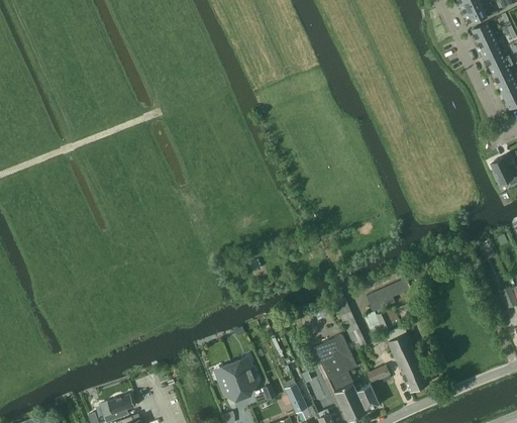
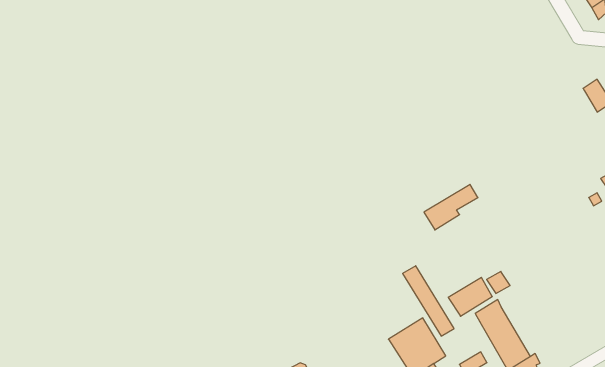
building: [367,279,411,312] -> [424,184,478,230]

